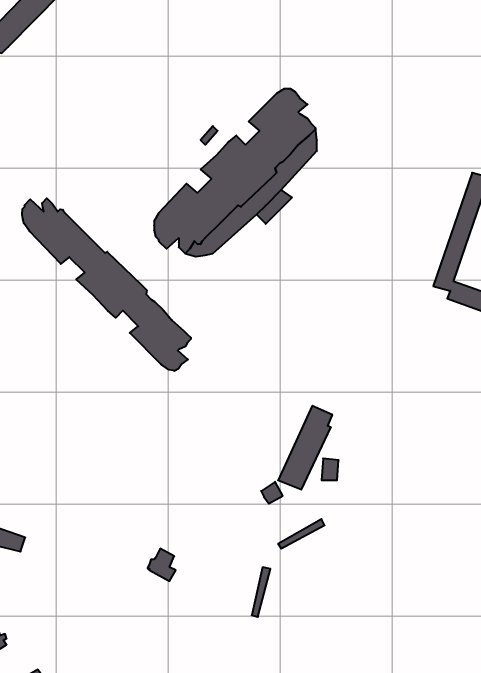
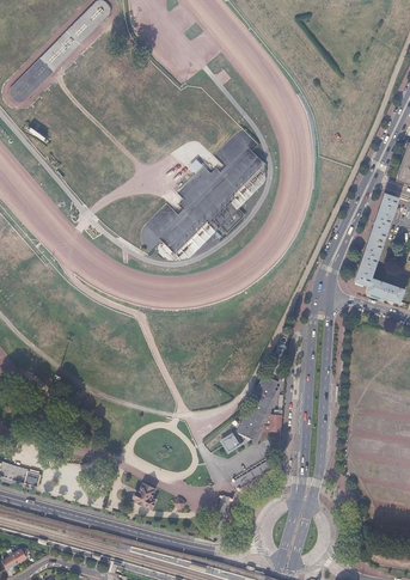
building: [22,198,191,371] -> none

